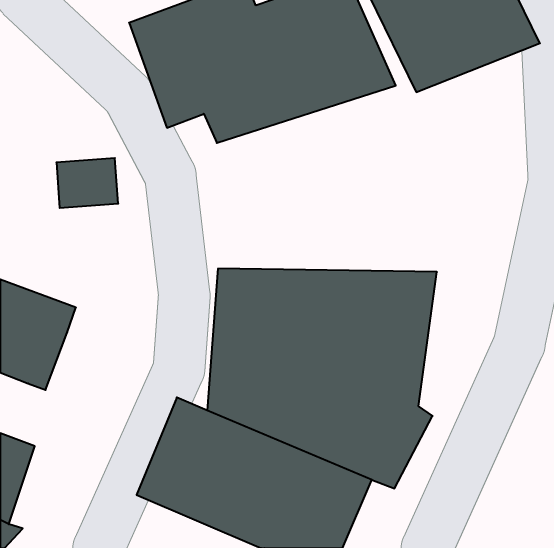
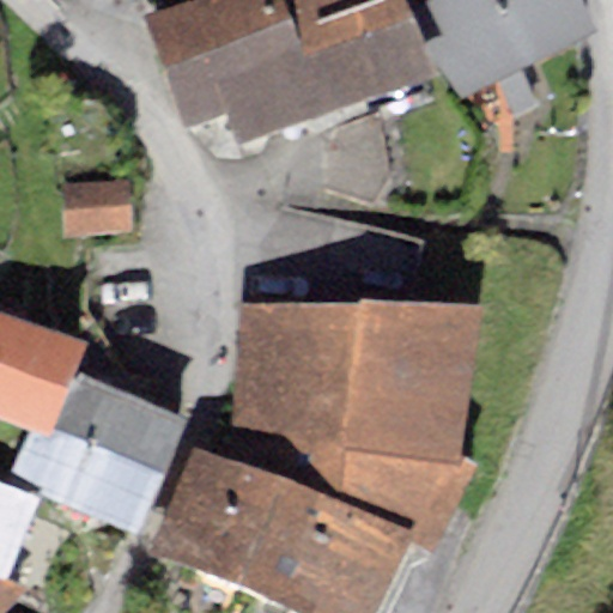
building: none -> [8,368,188,528]

